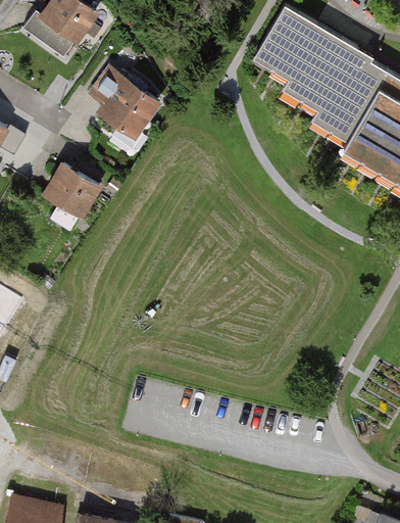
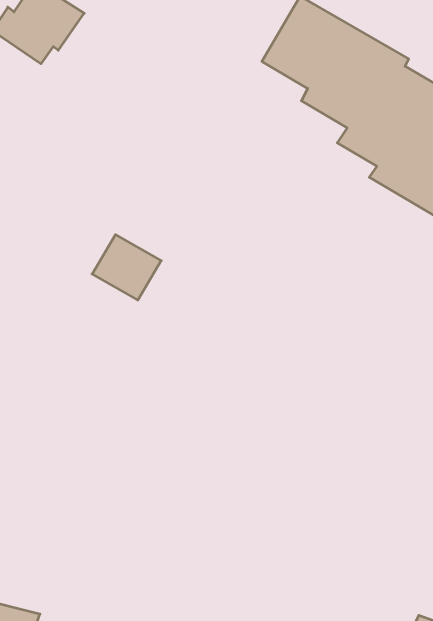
building: [88,61,163,141] -> none
building: [45,164,102,219] -> [92,235,161,300]

